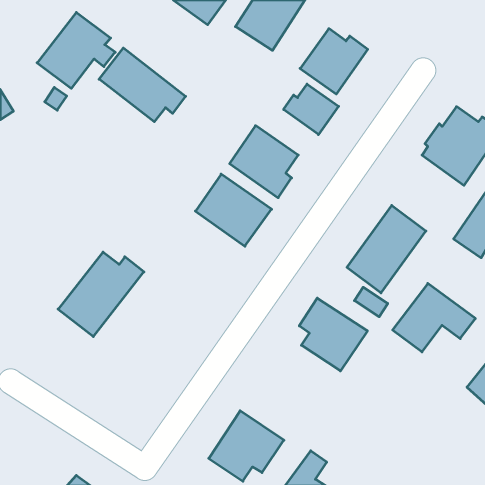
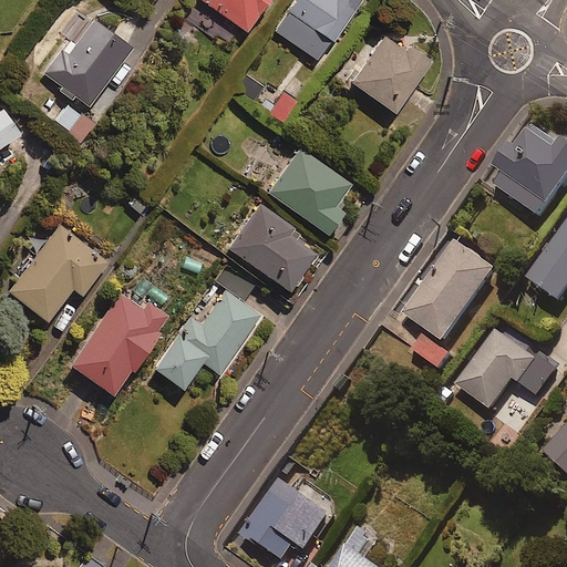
building: [99,48,186,122] -> none
building: [284,84,339,135] -> none
building: none -> [8,223,107,319]
building: none -> [154,271,259,386]
building: [299,298,367,371] -> none

